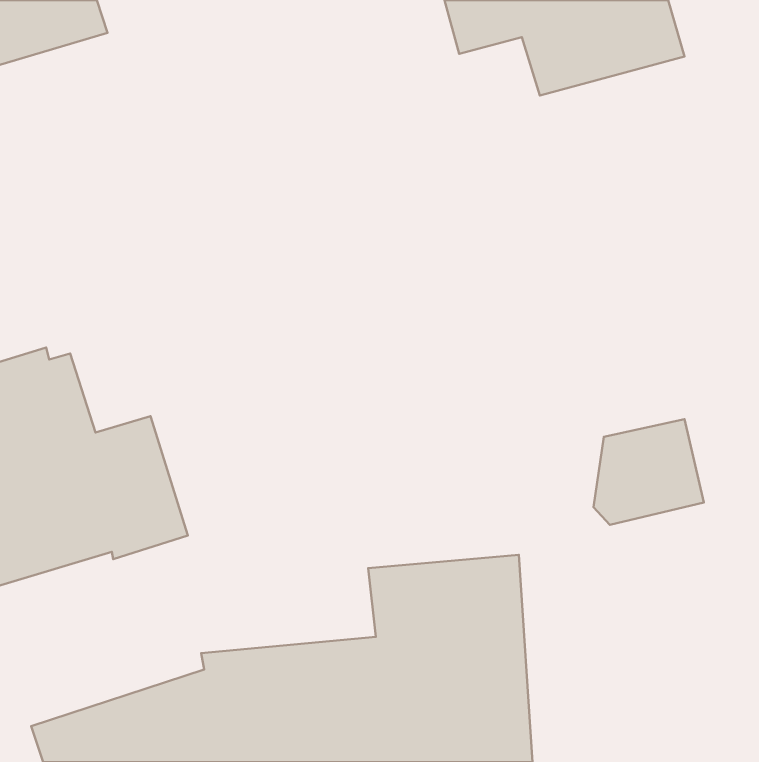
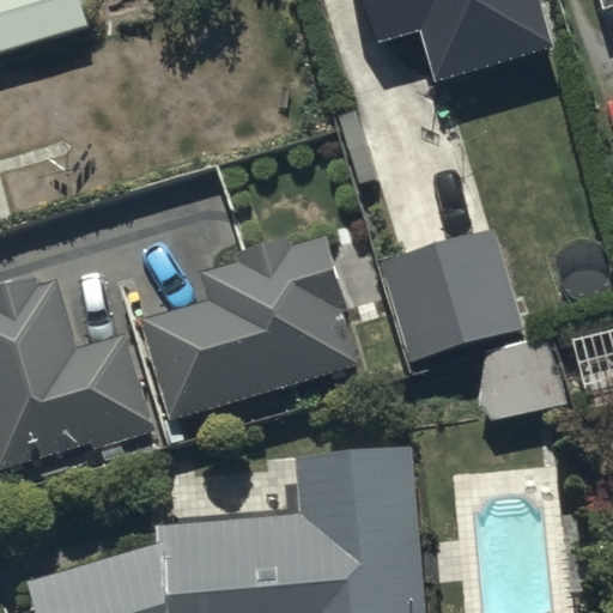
building: none -> [377,230,523,365]
building: none -> [139,233,363,421]

